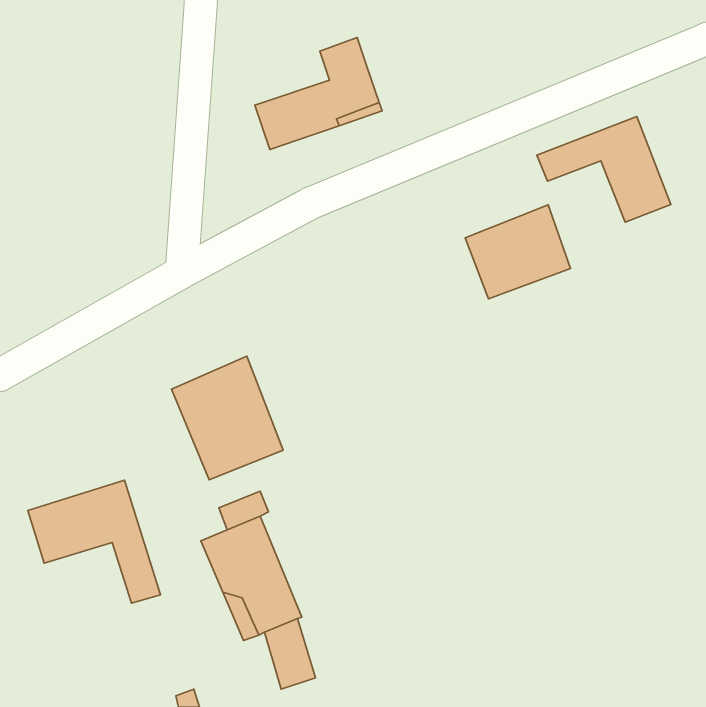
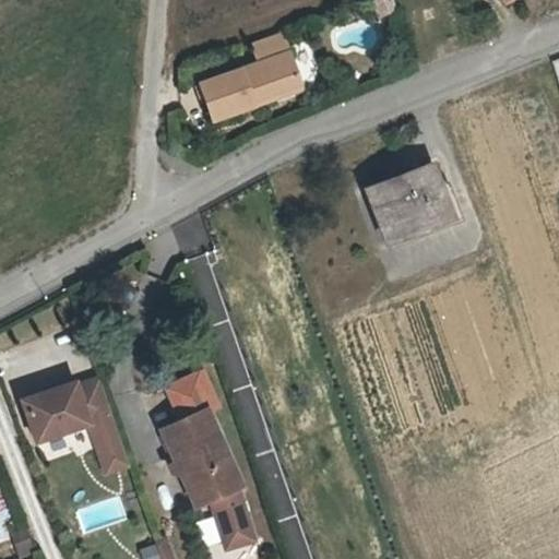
building: [537,116,671,222] -> none
building: [172,356,283,480] -> none

